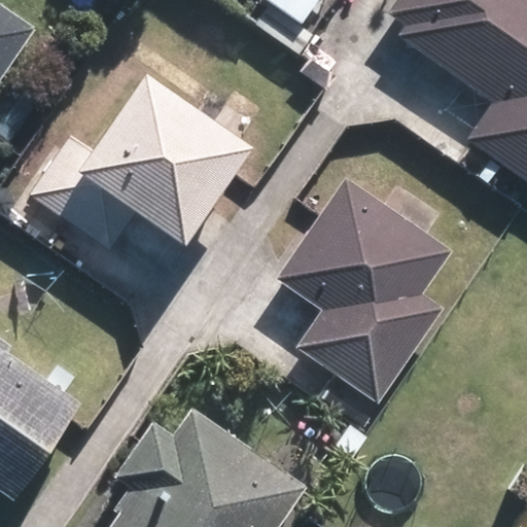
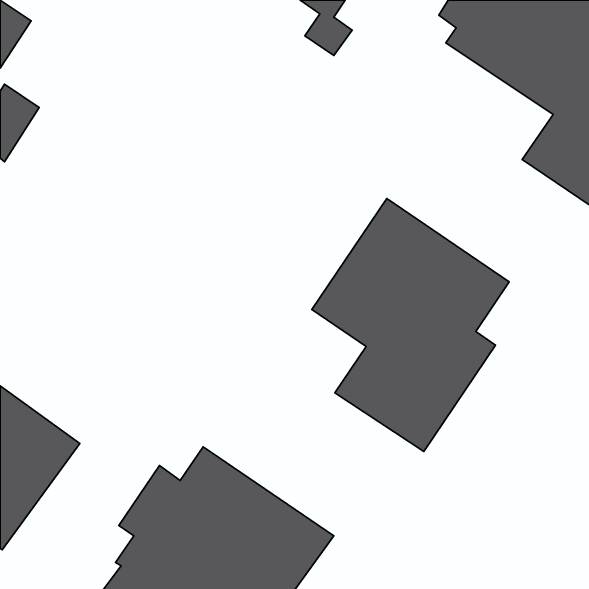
building: [33,76,250,249] -> none

